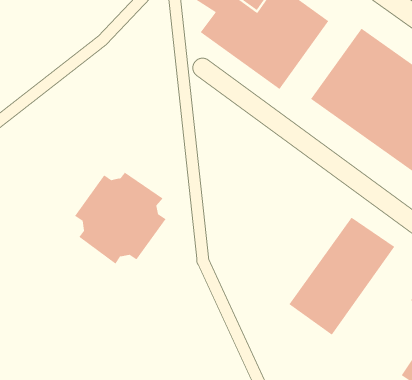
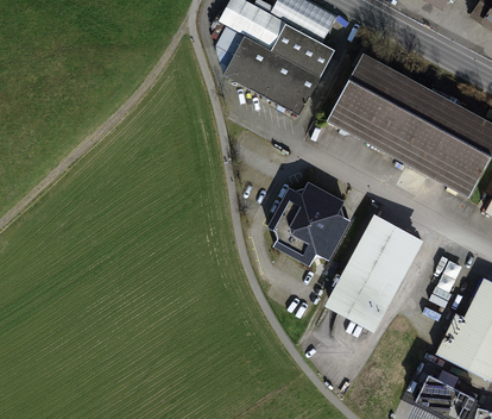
building: [74,172,166,265] -> [269,182,349,264]

